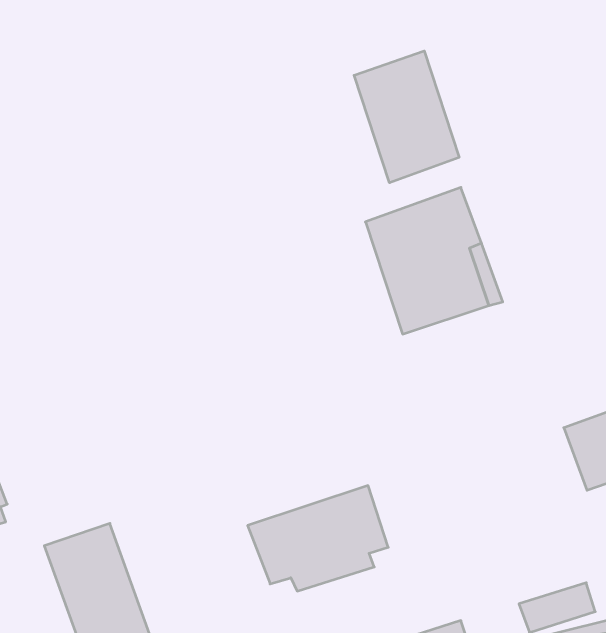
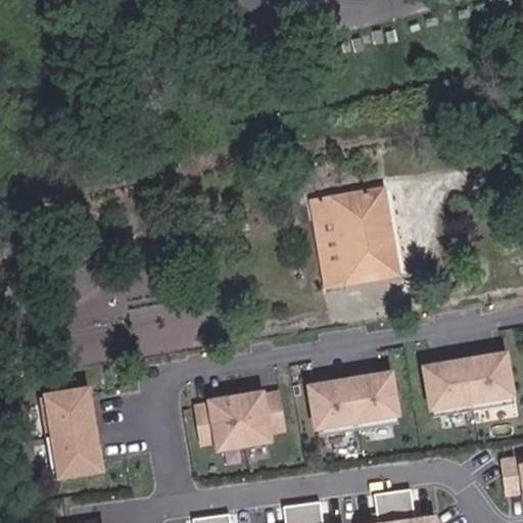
building: [354,51,459,183] -> none
building: none -> [310,371,399,433]

